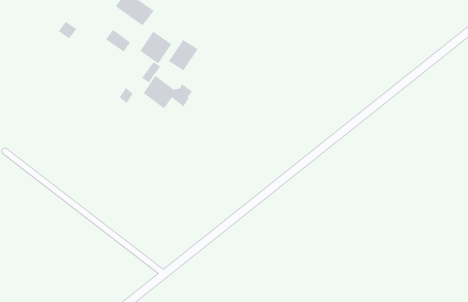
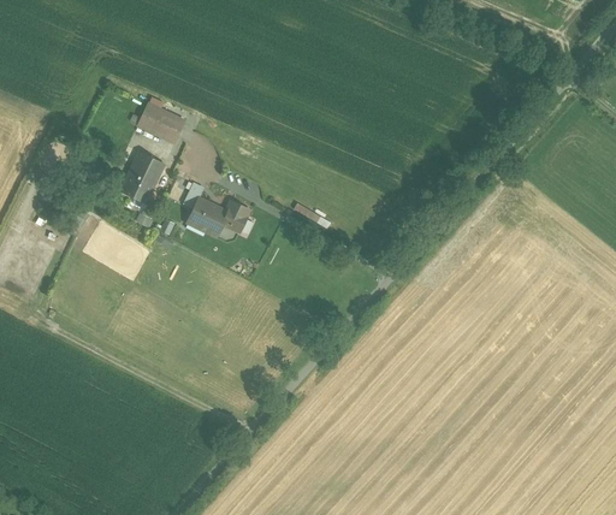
building: [139,31,172,64] -> [120,165,158,203]
building: [168,39,198,71] -> none

